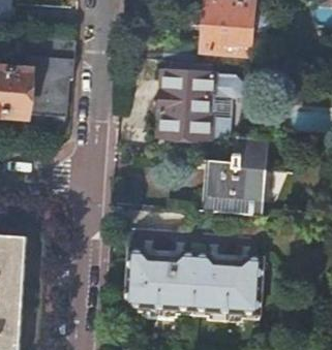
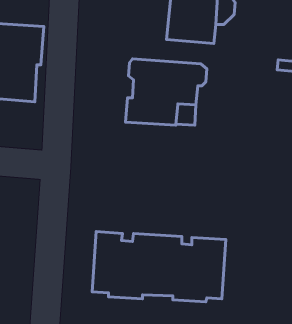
building: [205,135,282,216] -> none

